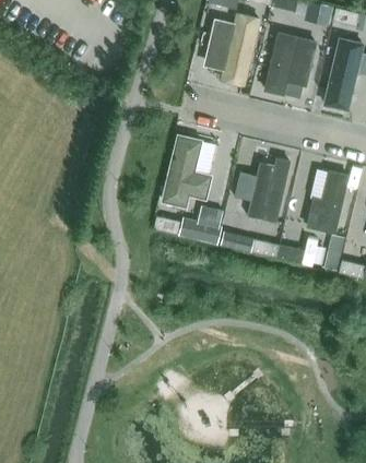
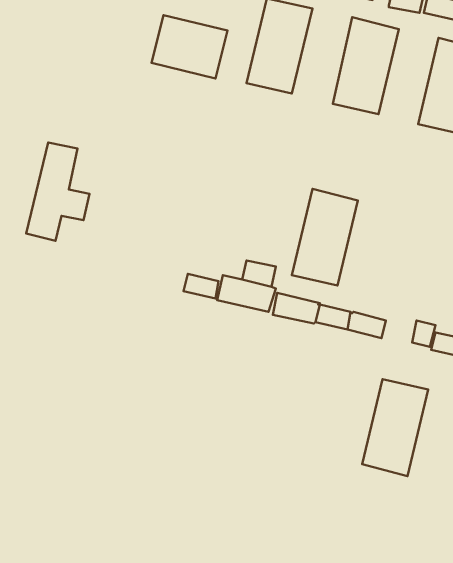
building: none -> [152,15,228,78]
building: [163,140,210,213] -> [26,143,89,241]
building: [298,167,347,239] -> [362,379,428,476]

